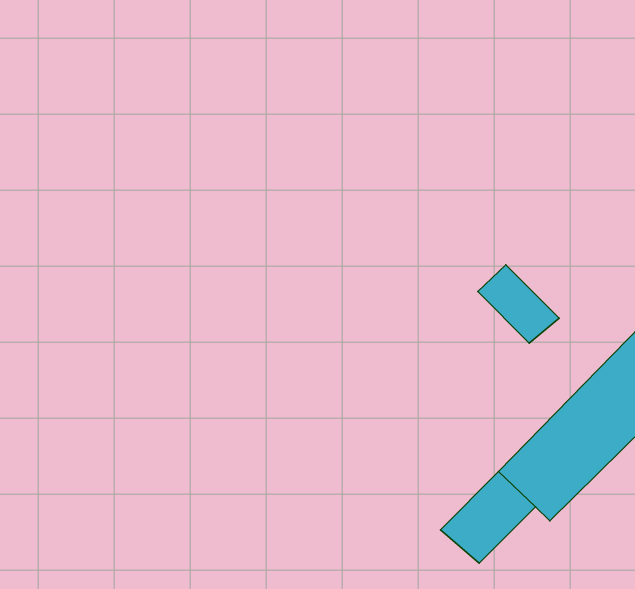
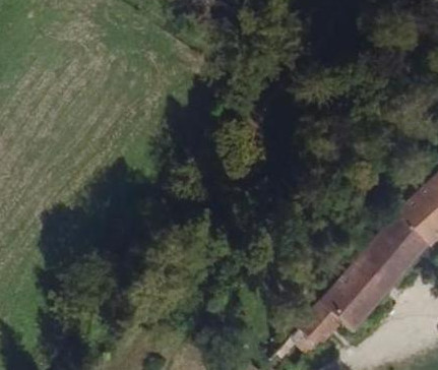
building: [478,265,559,343] -> none

